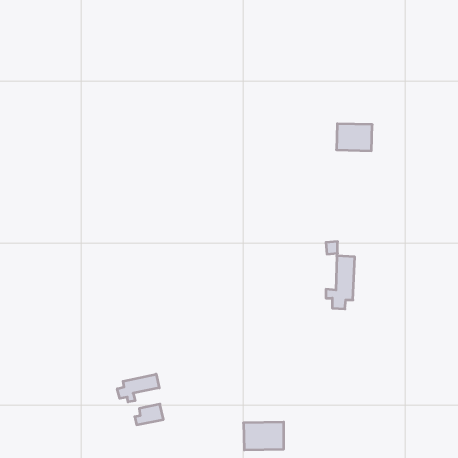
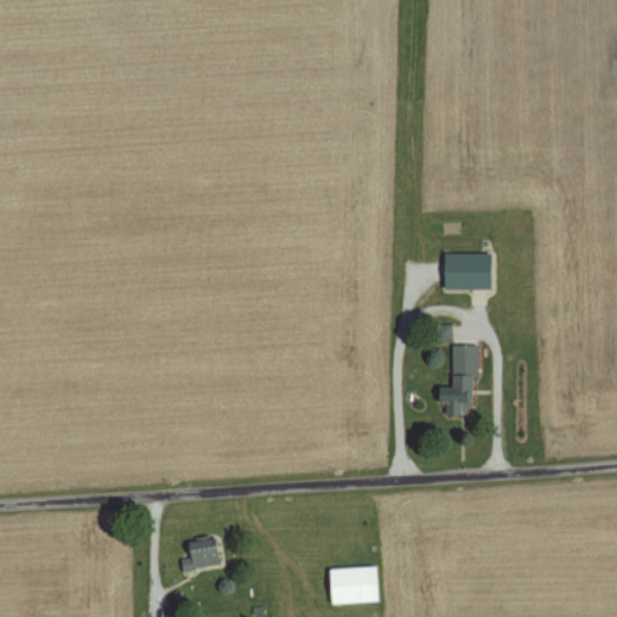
building: [336,124,372,151] -> [442,252,490,288]
building: [117,374,159,402] -> none

